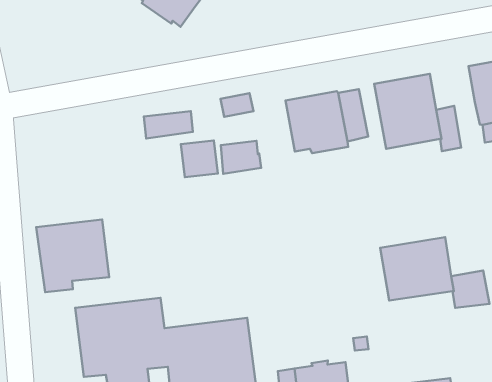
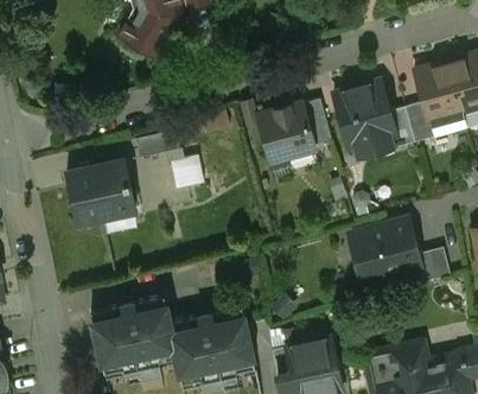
building: none -> [404,101,434,141]
building: [221,141,261,174] -> none
building: [36,219,109,292] -> [66,159,134,227]

